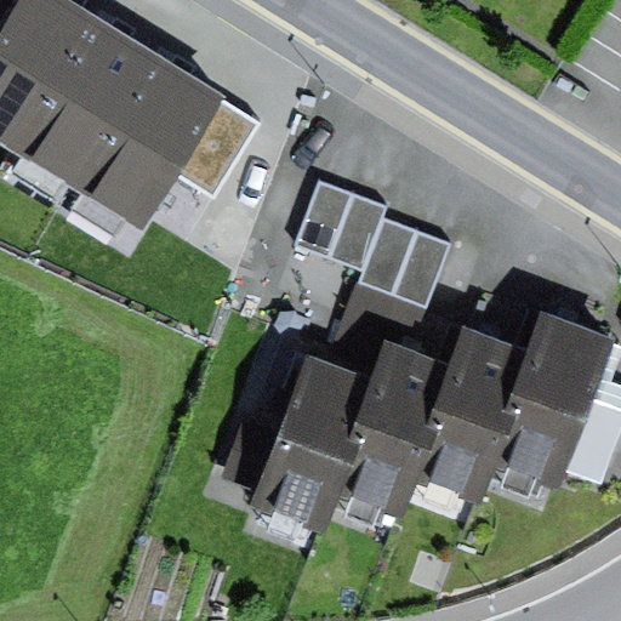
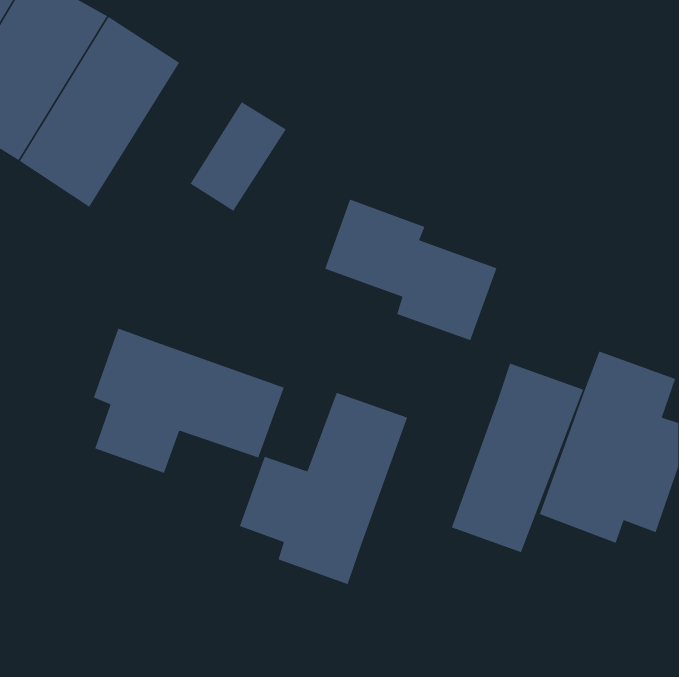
building: [81,57,220,223] -> none
building: none -> [93,328,285,474]
building: [329,340,452,520] -> none

